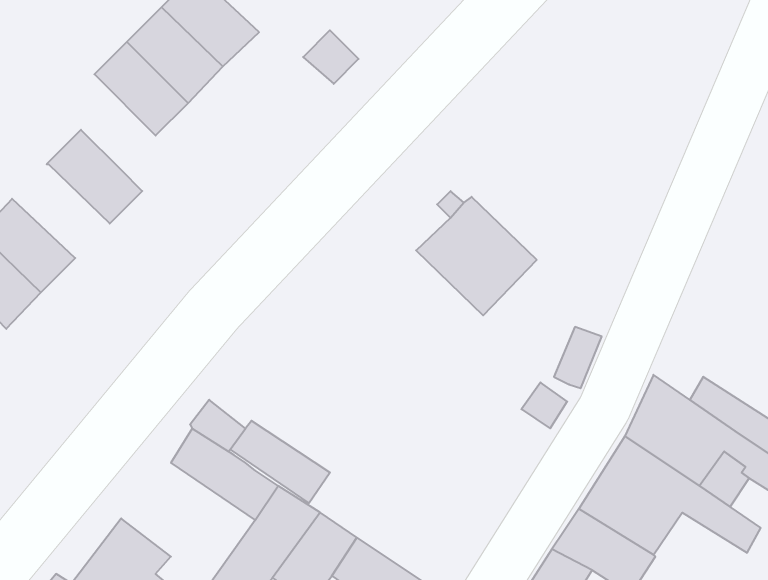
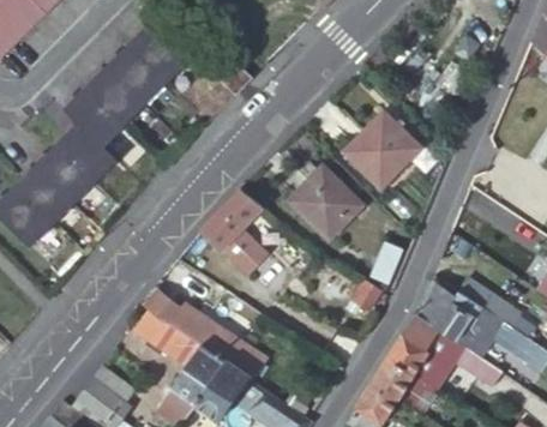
building: none -> [64,88,124,148]
building: none -> [343,112,421,190]
building: none -> [34,144,95,203]
building: none -> [200,191,269,277]

